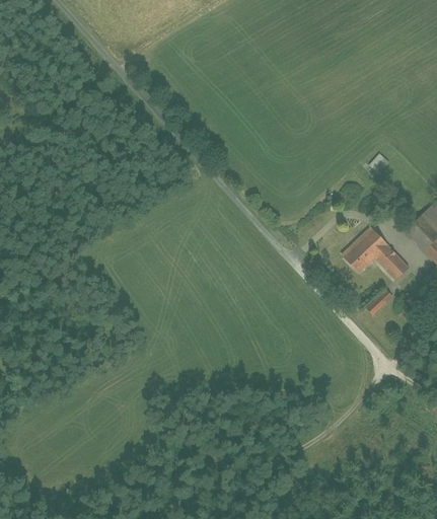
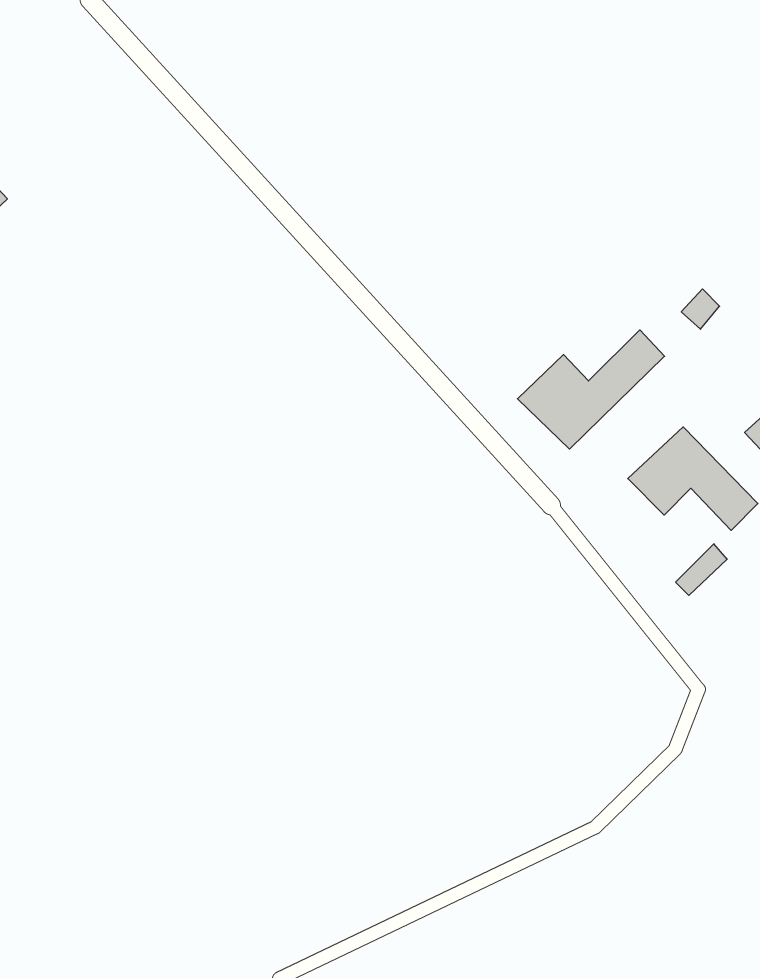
building: none -> [517,330,665,449]

